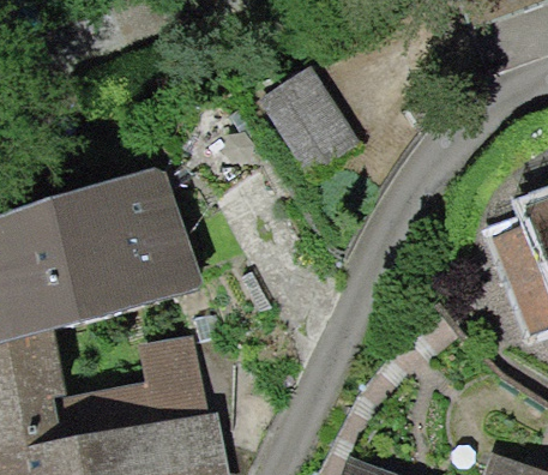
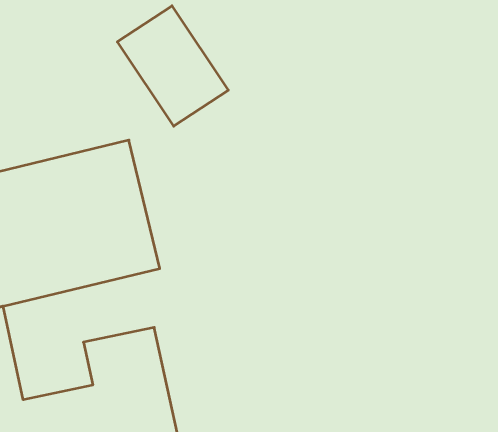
building: [267,80,367,188] -> [117,6,228,126]

